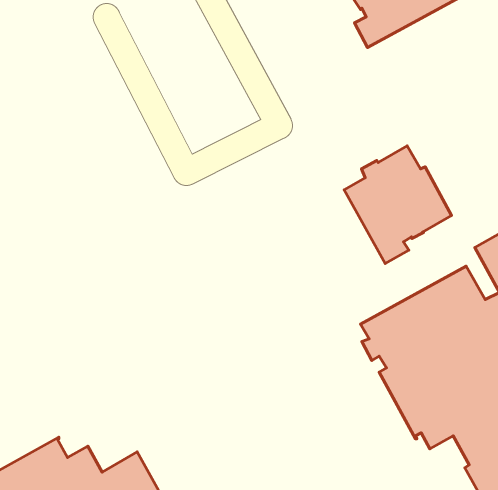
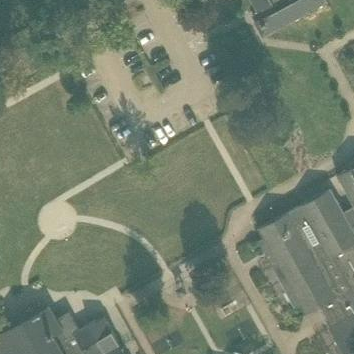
building: [344,146,451,264] -> none

